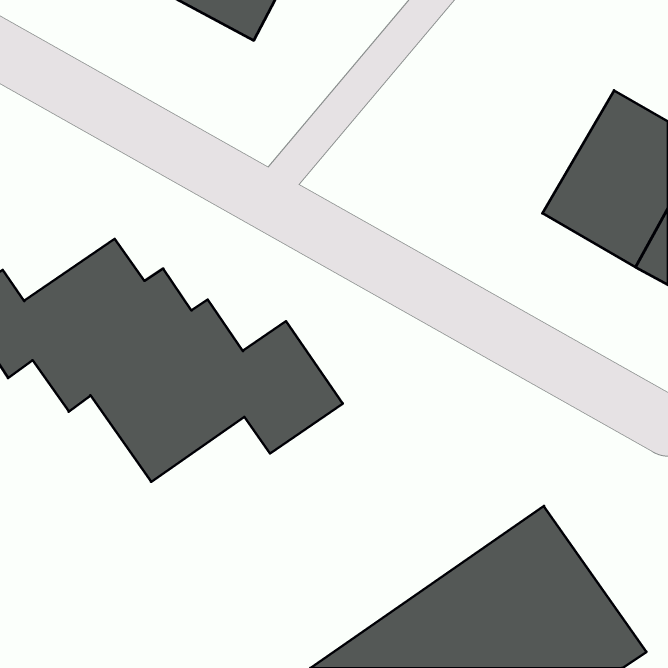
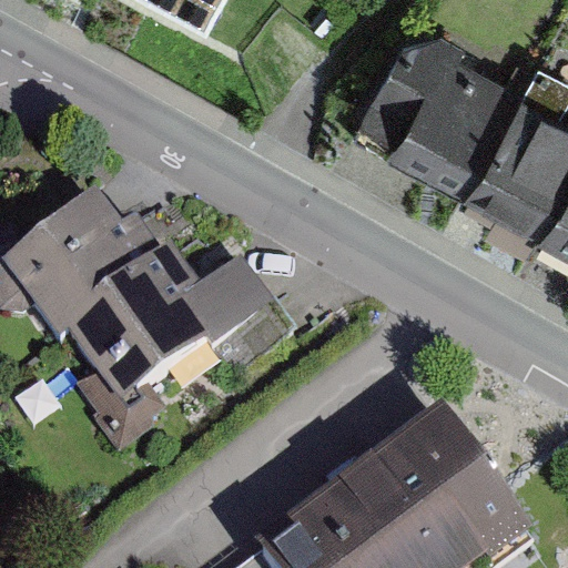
building: none -> [369,30,505,175]

